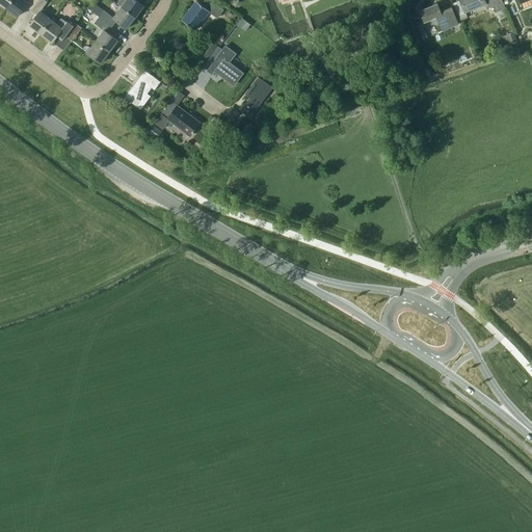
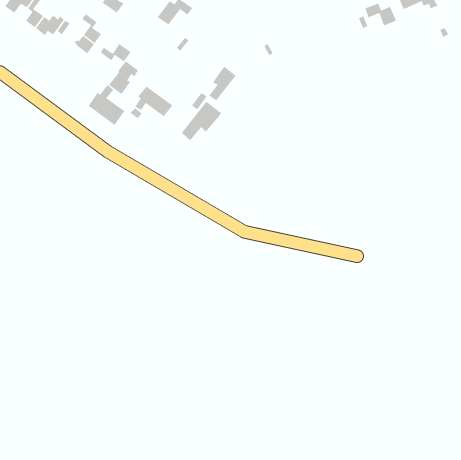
building: [99,5,135,27] -> [100,43,131,62]
building: [207,46,242,84] -> none
building: none -> [88,84,125,126]
building: none -> [181,101,222,141]

